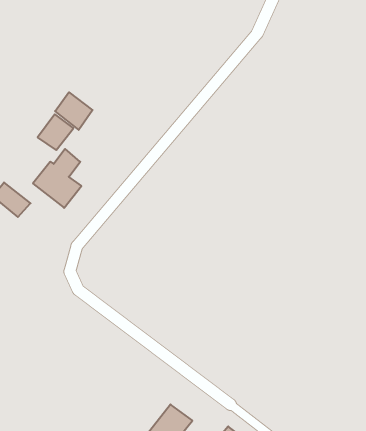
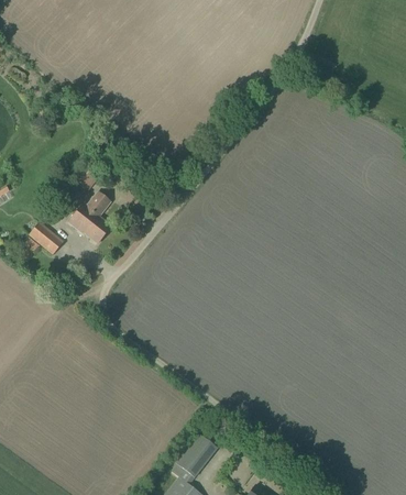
building: [55,92,93,130] -> none

